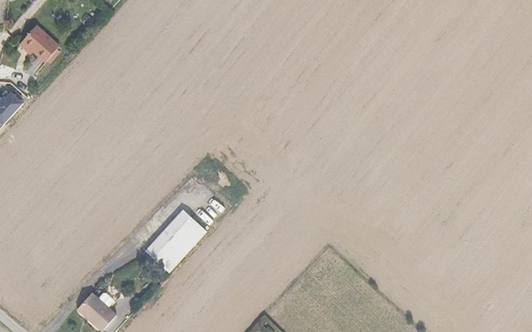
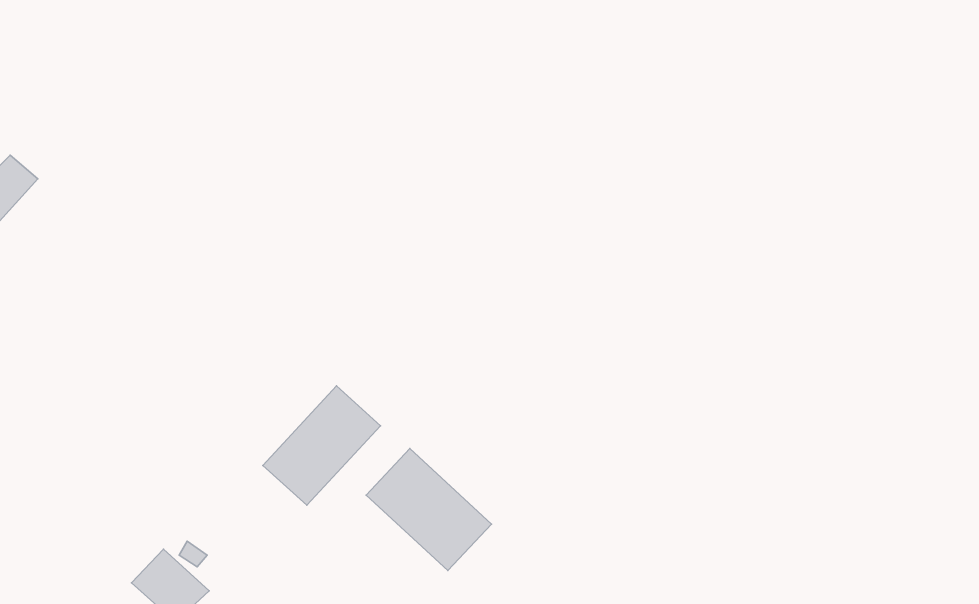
building: [26,22,63,59] -> none
building: none -> [366,449,492,571]

